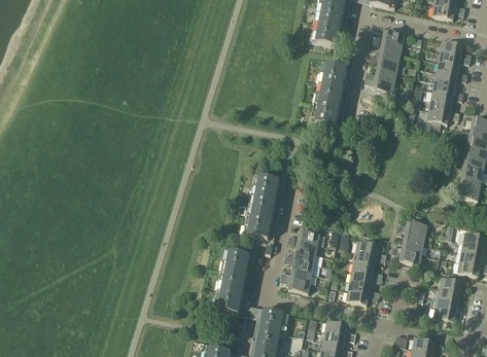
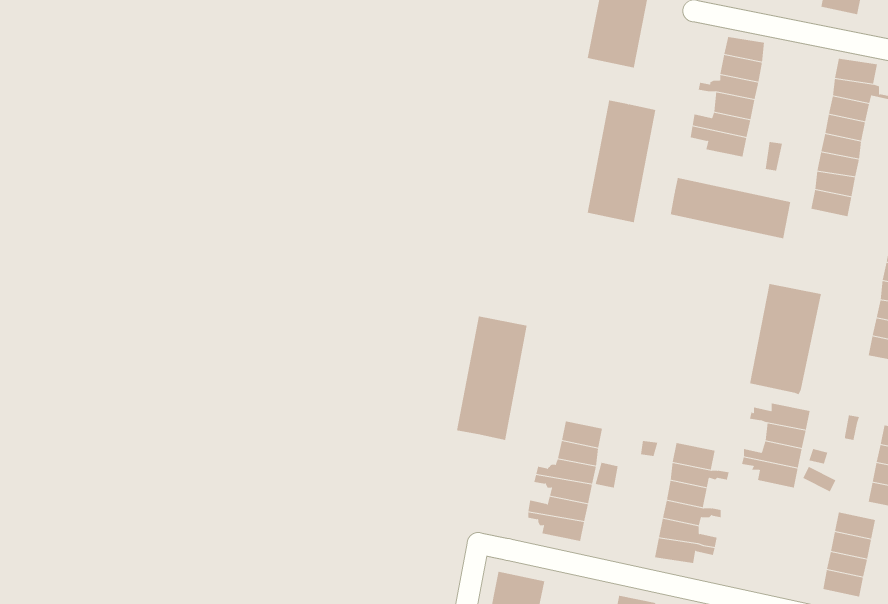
building: none -> [670,177,791,239]
building: none -> [749,283,822,395]
building: [213,250,250,314] -> none

